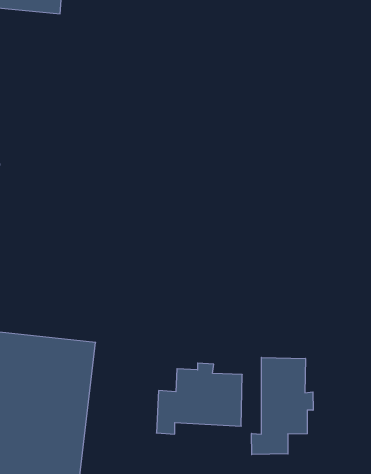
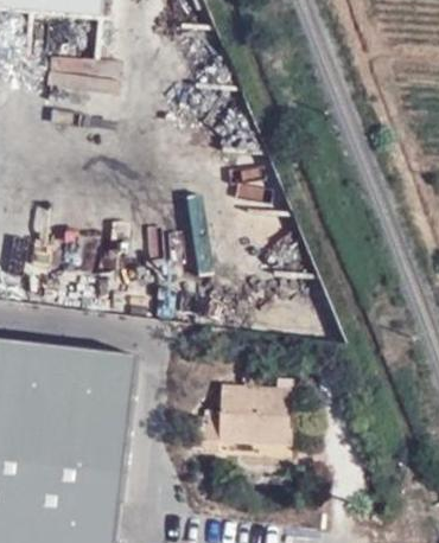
building: [252,357,313,455] -> none

